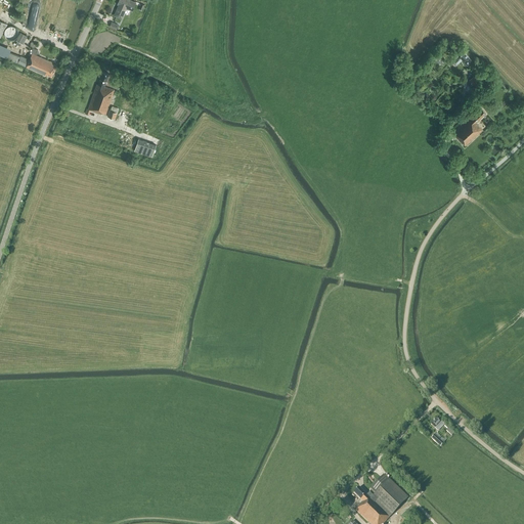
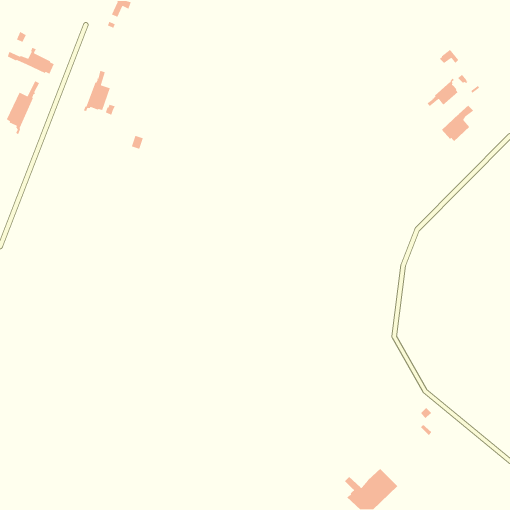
building: none -> [426,78,459,107]
building: none -> [6,80,40,135]

